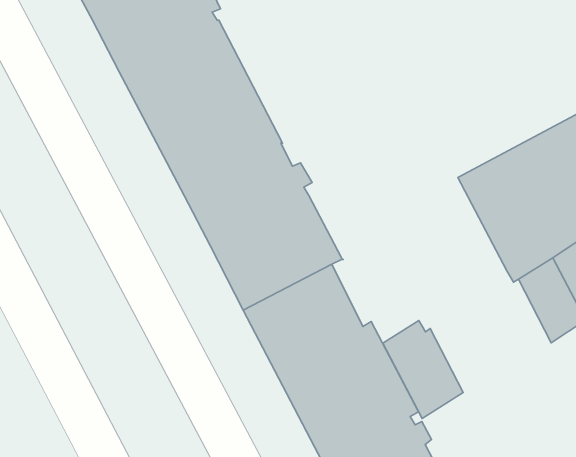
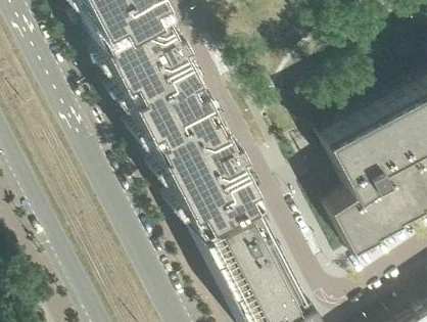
building: [383,320,463,419] -> [331,193,381,255]

